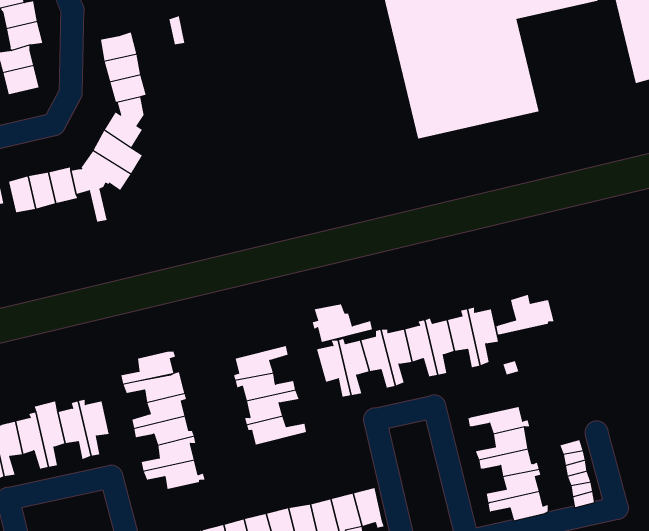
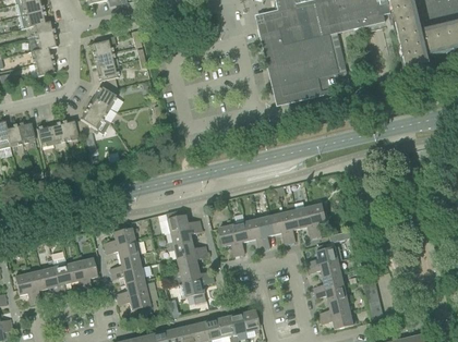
building: [495,294,554,335] -> [306,244,341,268]
building: [312,304,373,343] -> [165,210,201,233]
building: none -> [178,277,214,304]

